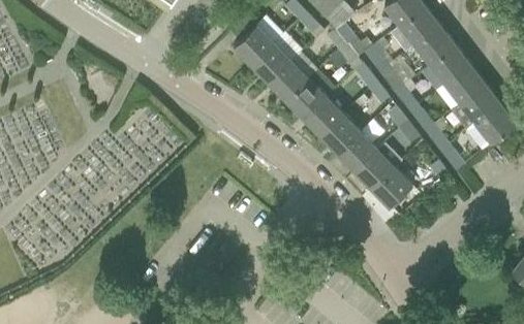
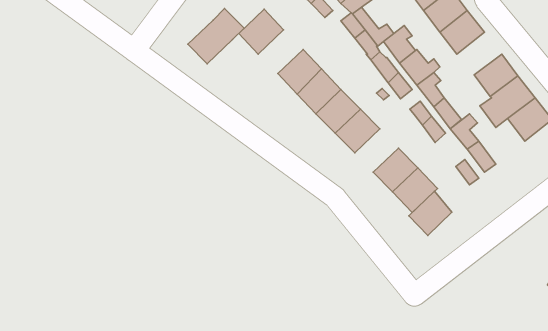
building: [253,34,304,84] -> [188,9,244,64]
building: [432,46,472,85] -> none
building: [340,133,379,172] -> none
building: none -> [409,191,452,235]

